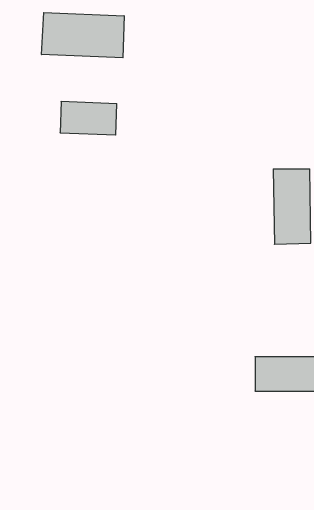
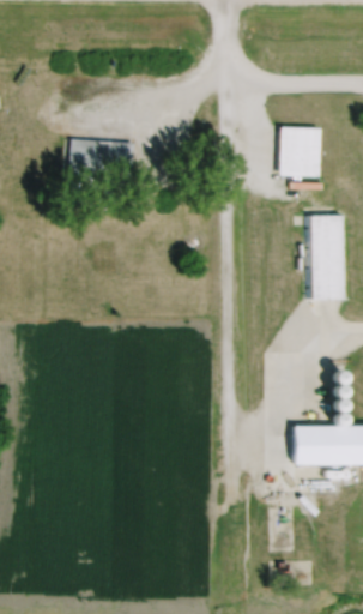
building: [42,13,124,58] -> none
building: none -> [278,128,317,177]

